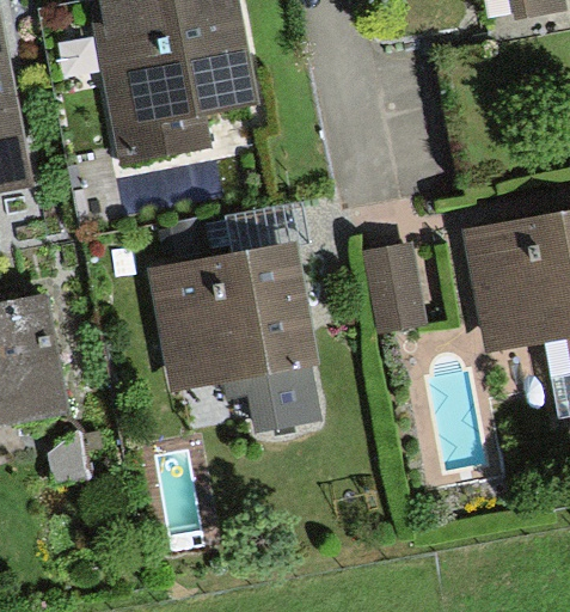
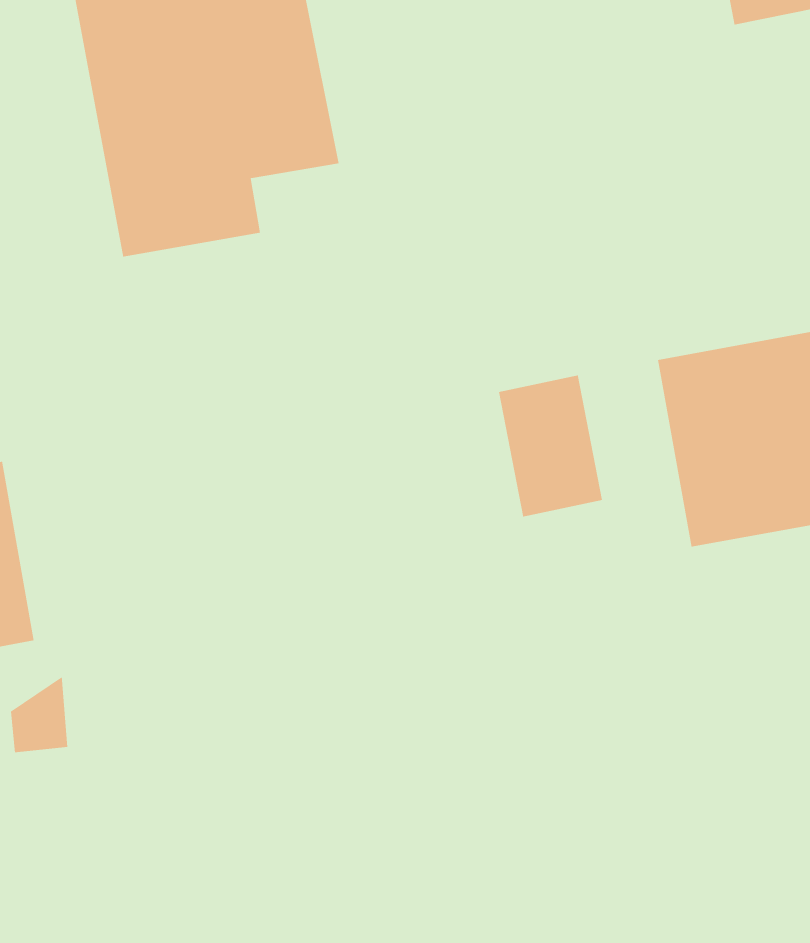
building: [146,241,320,430] -> none

